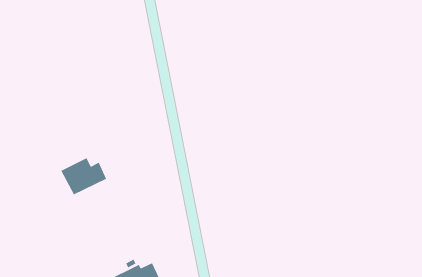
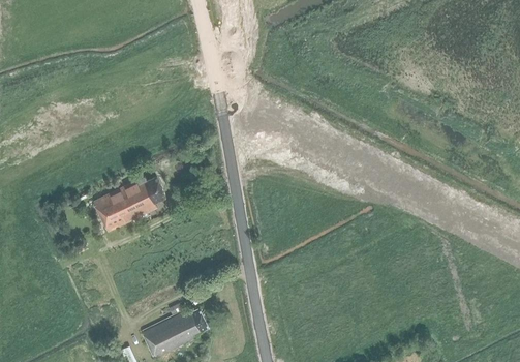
building: none -> [123,176,165,212]

